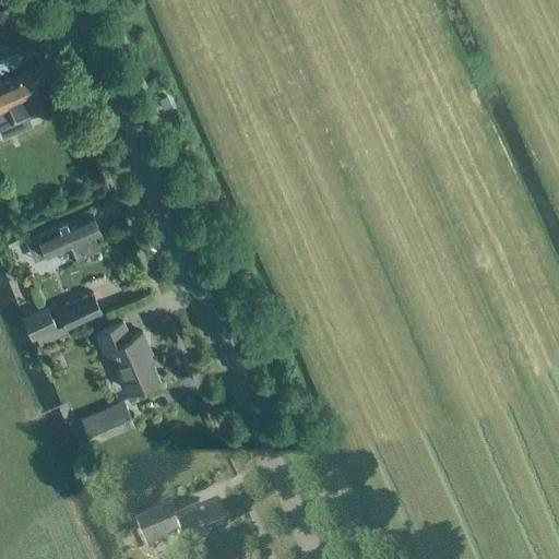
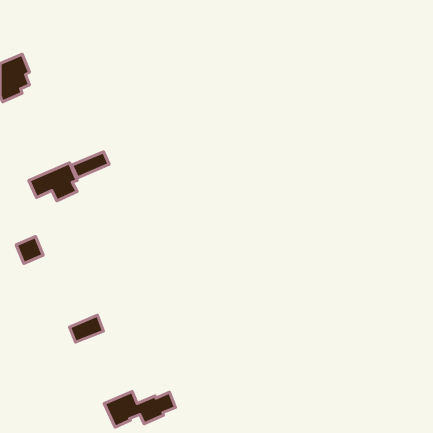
building: none -> [71,152,109,178]
building: [57,292,102,328] -> none
building: [95,321,157,390] -> none

